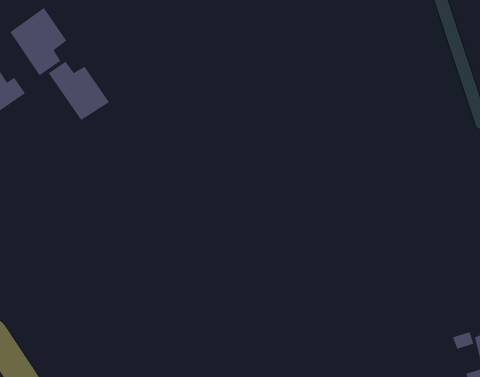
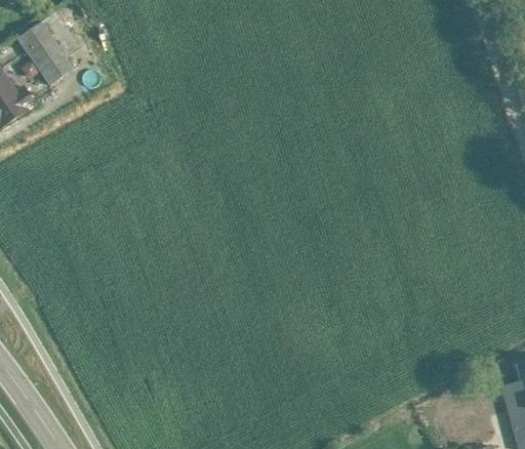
building: [48,61,110,121] -> none

